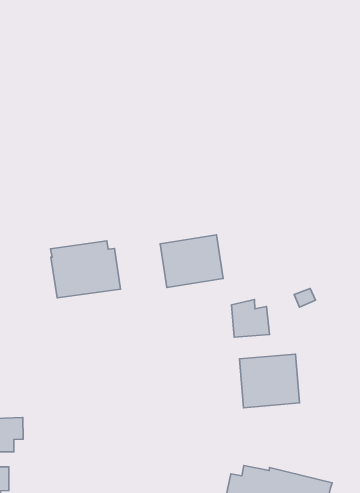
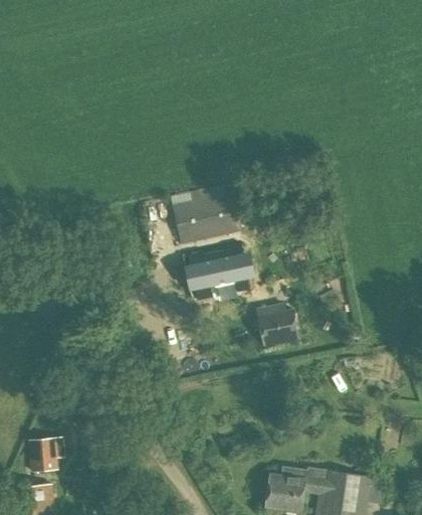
building: [51,241,121,298] -> [171,185,242,244]
building: [239,354,299,408] -> none

